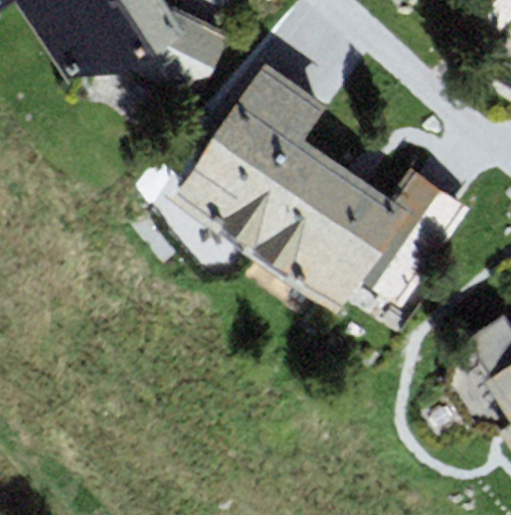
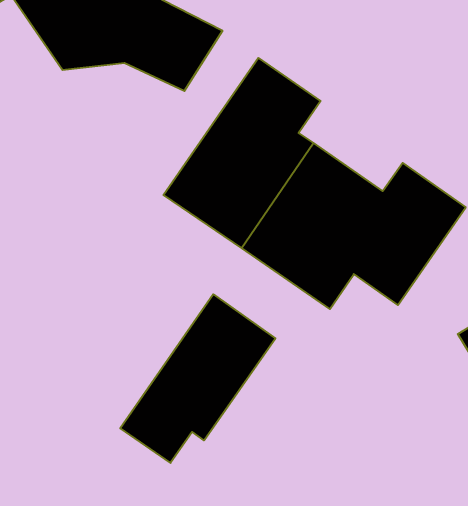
building: none -> [120,294,275,463]

